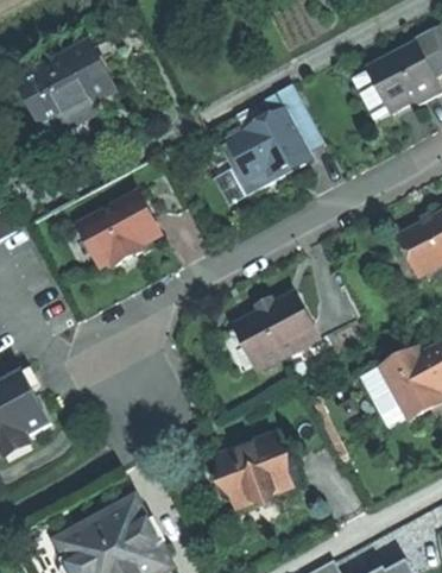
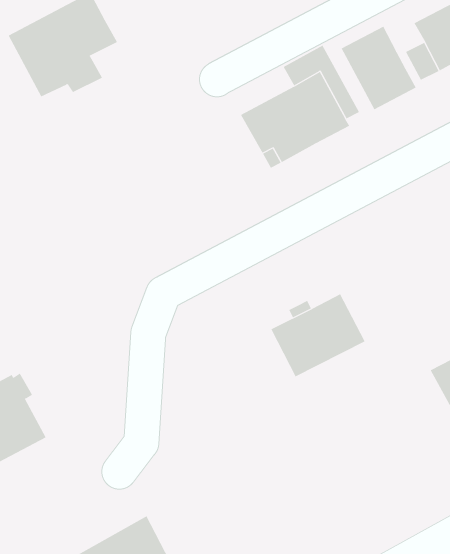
building: none -> [341,26,416,110]
building: [83,188,158,262] -> none
building: [215,432,297,504] -> none

